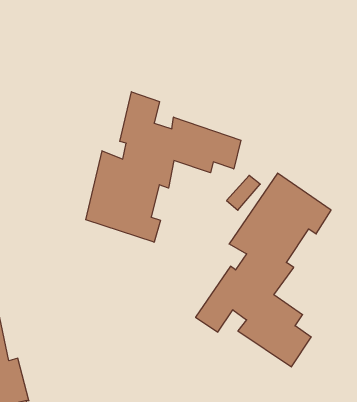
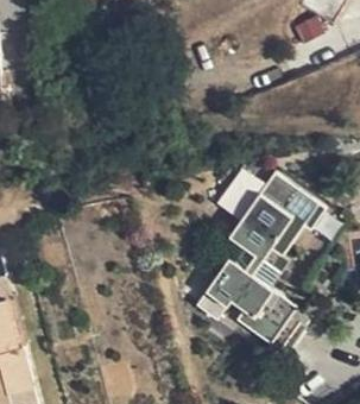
building: [86,92,241,242] -> none

